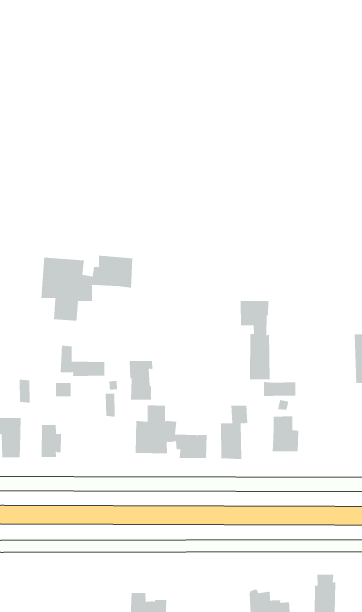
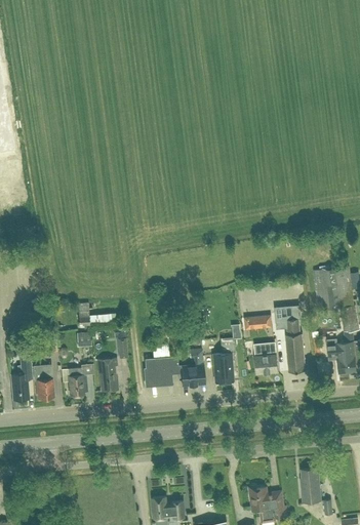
building: [41,255,133,321] -> none
building: [240,300,271,380] -> [275,307,306,372]
building: [129,361,153,400] -> [96,359,118,393]

